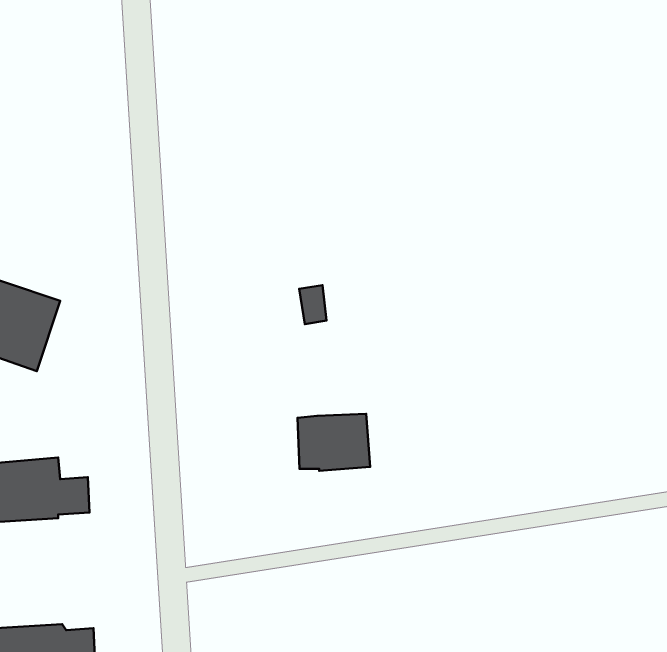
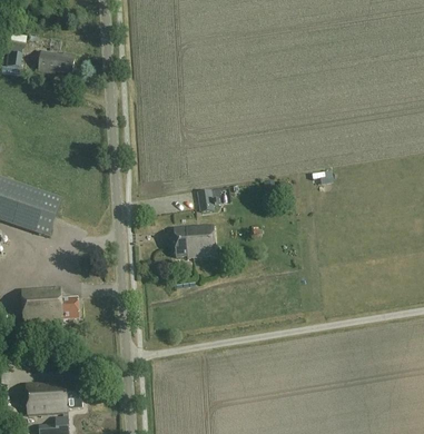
building: none -> [37,50,73,72]
building: [298,414,370,471] -> [174,225,215,257]

